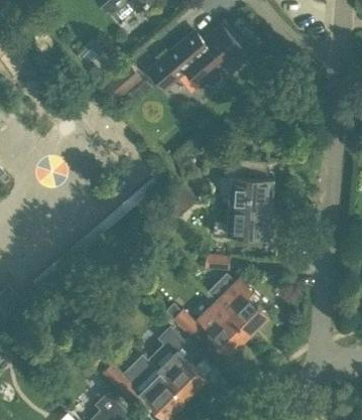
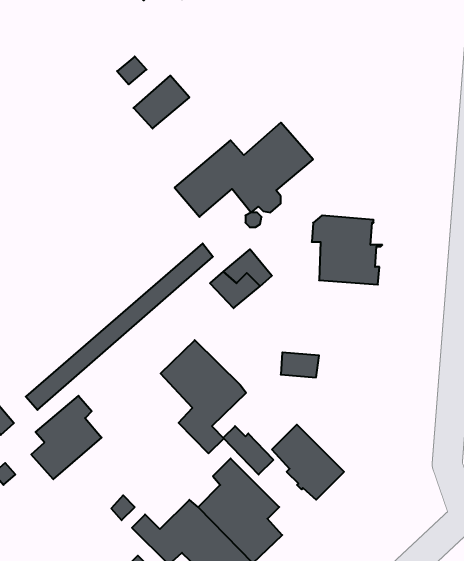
building: [147,27,242,92] -> [175,123,313,217]
building: [213,205,270,239] -> none
building: none -> [161,340,246,453]
building: [215,280,267,336] -> none
building: none -> [31,396,102,479]

